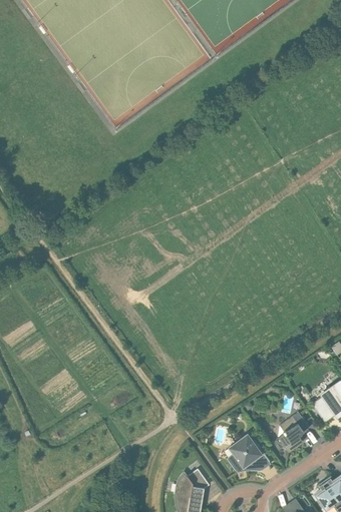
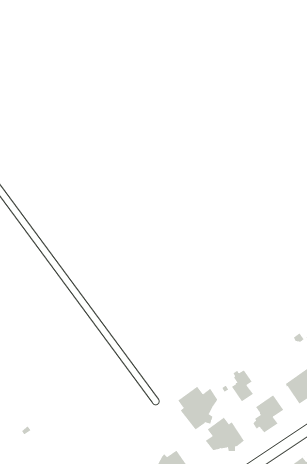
building: none -> [231,370,254,402]
building: none -> [178,386,218,432]

